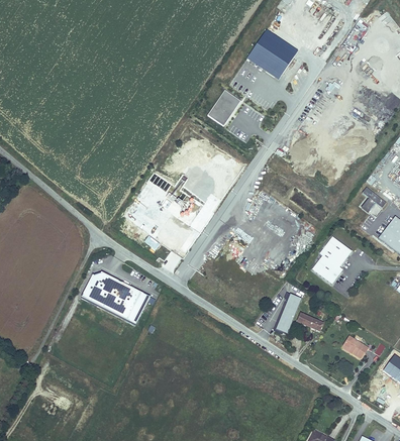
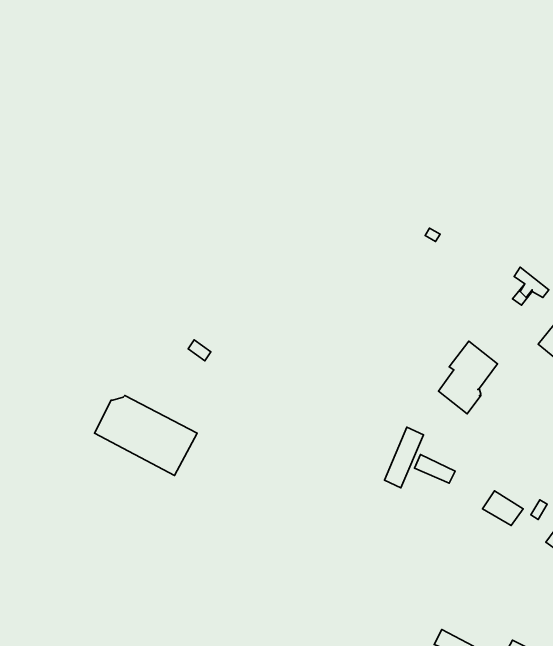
building: [246,33,295,80] -> none
building: [207,89,241,126] -> none

